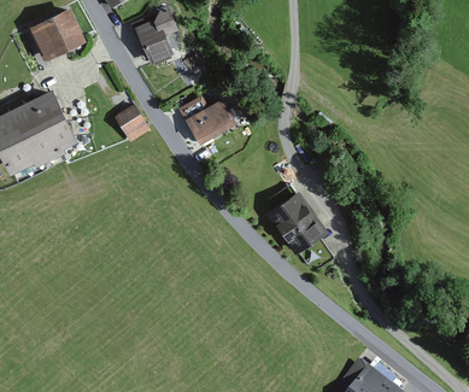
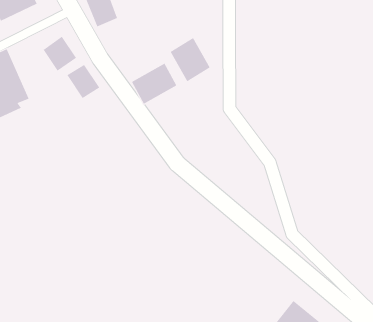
building: none -> [43,36,77,72]
building: none -> [170,37,211,82]
building: [270,189,332,253] -> none

